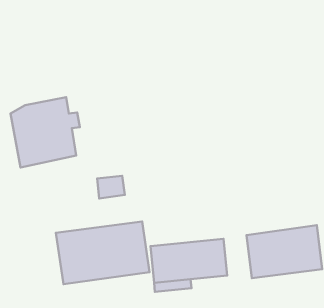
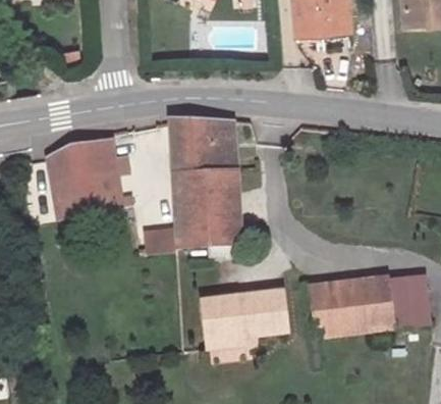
building: none -> [173,120,243,264]
building: [56,222,149,284] -> none

